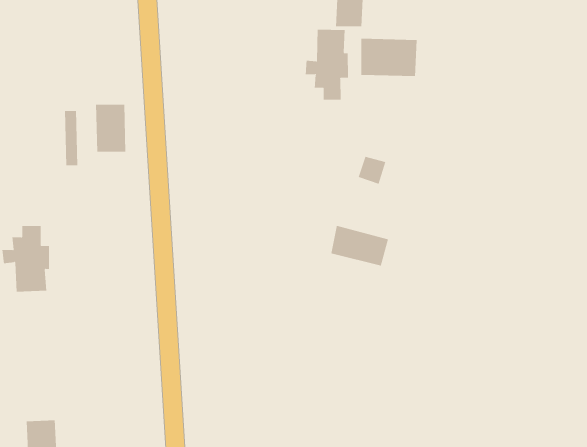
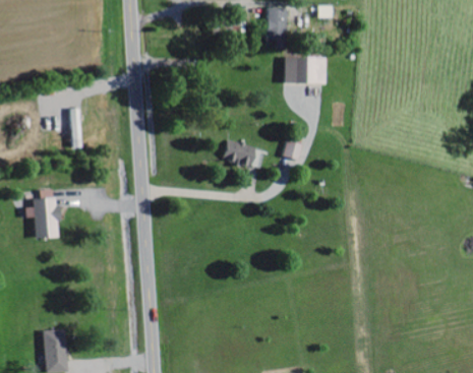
building: [305,29,348,101] -> none
building: [96,104,126,153] -> none
building: [331,225,389,266] -> [222,139,263,169]

